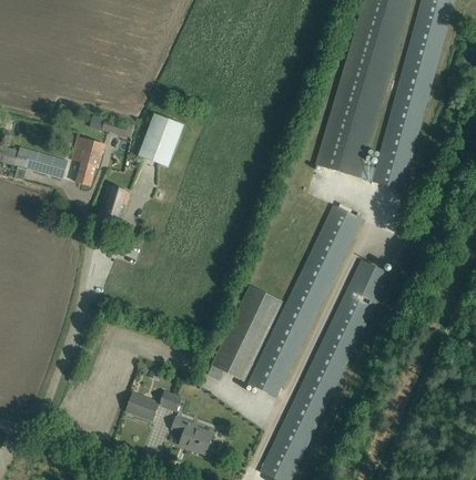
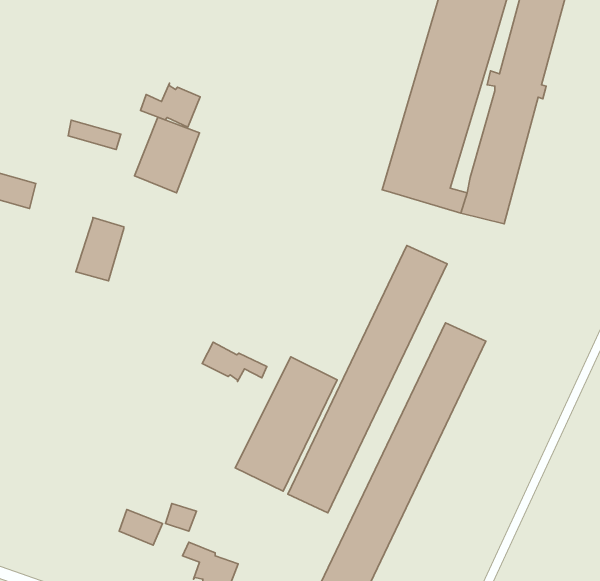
building: none -> [140,83,200,127]
building: [71,136,104,186] -> none
building: none -> [202,342,267,382]

